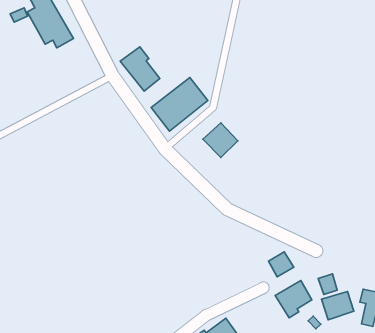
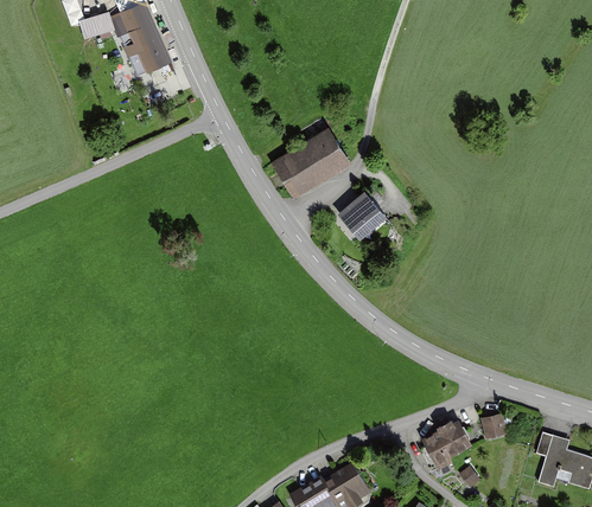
building: [120,47,160,91] -> none
building: [268,252,294,277] -> none
building: [322,291,354,320] -> none

